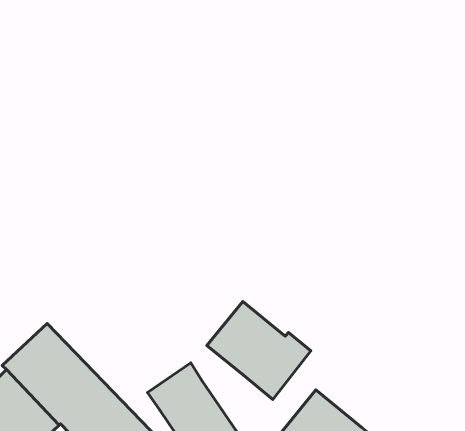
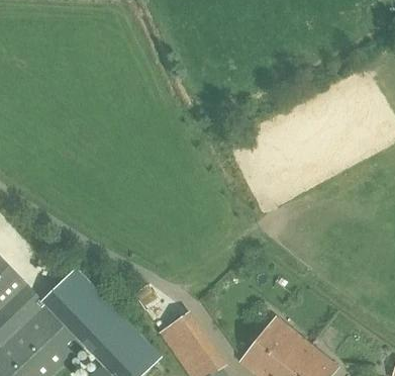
building: [207,301,311,400] -> none

